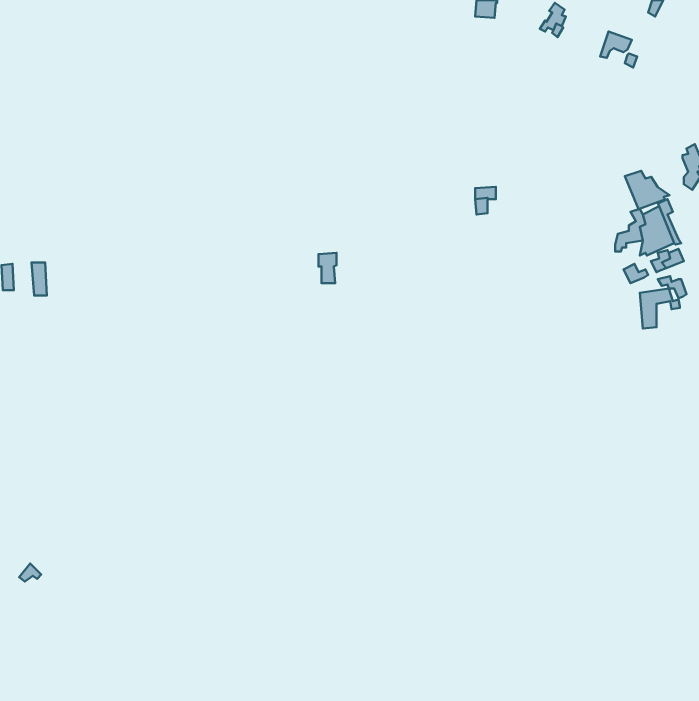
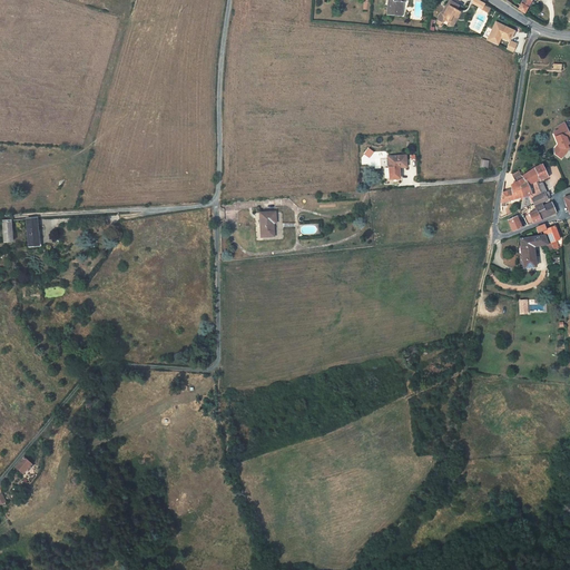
building: [625,171,669,209] -> none

